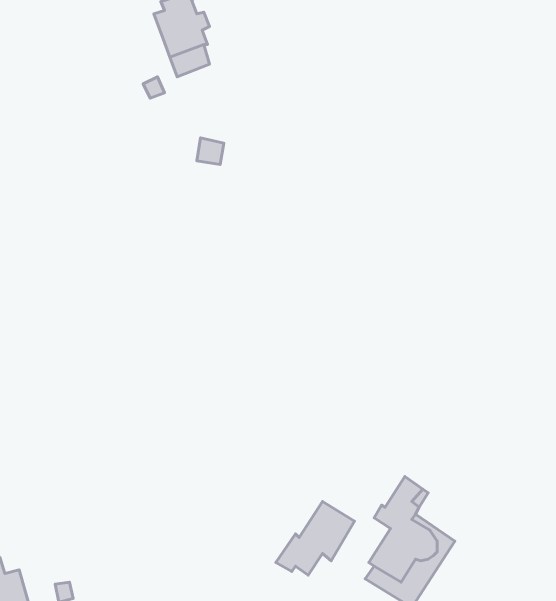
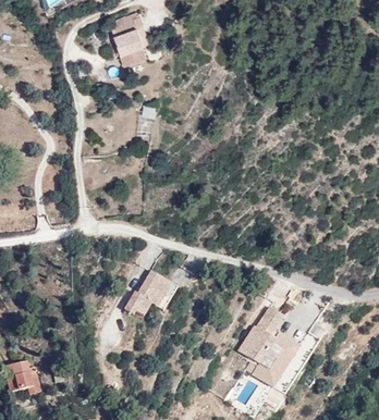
building: [276,502,355,575] -> [121,272,169,317]

